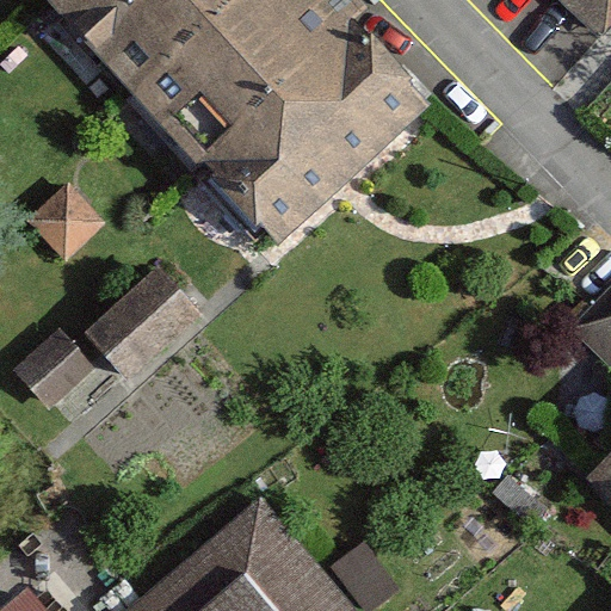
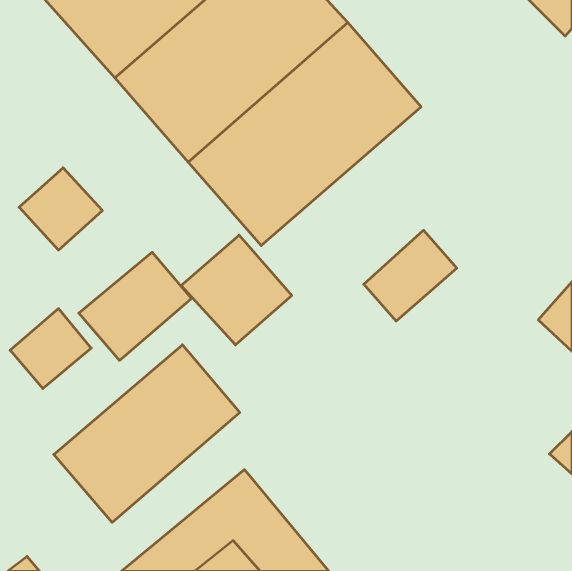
building: none -> [364,230,457,321]
building: none -> [181,235,292,345]
building: none -> [54,345,240,522]

